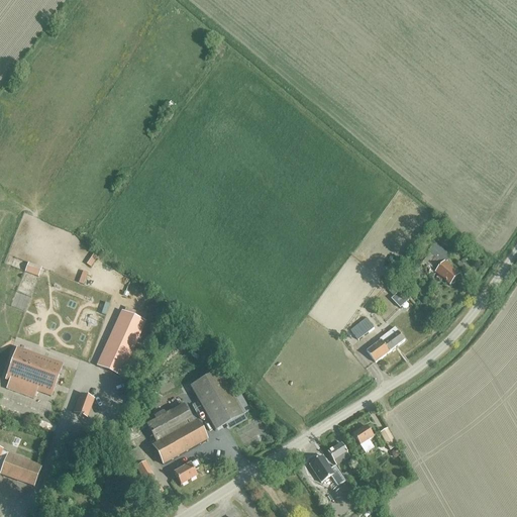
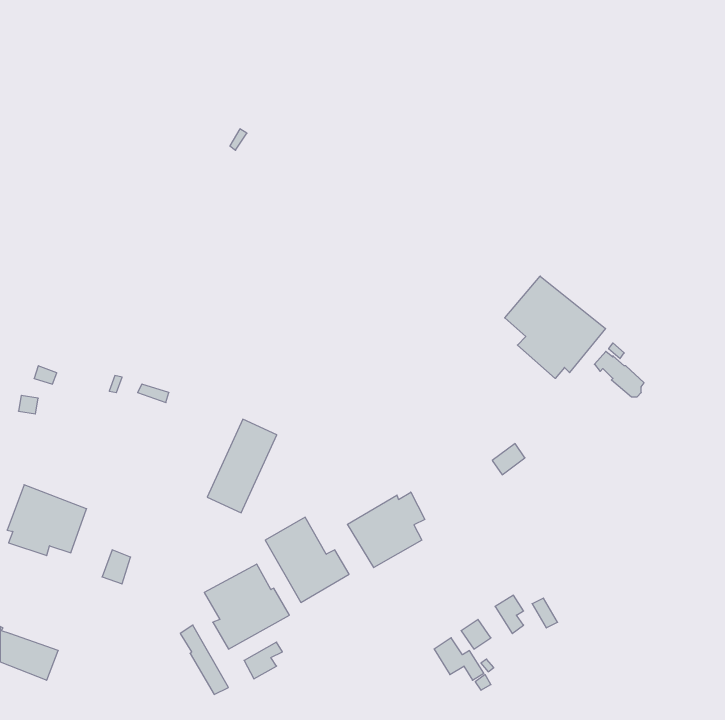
building: none -> [505,276,606,378]
building: [96,308,145,375] -> [207,419,277,513]
building: [367,330,405,360] -> none
building: none -> [347,492,425,568]

